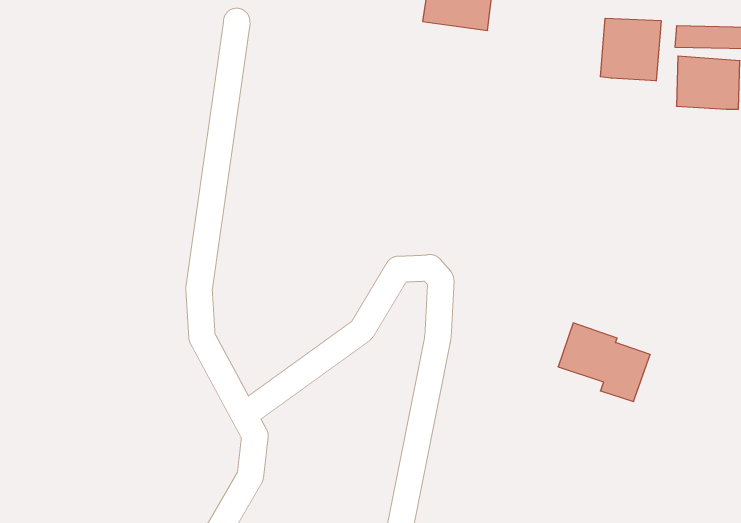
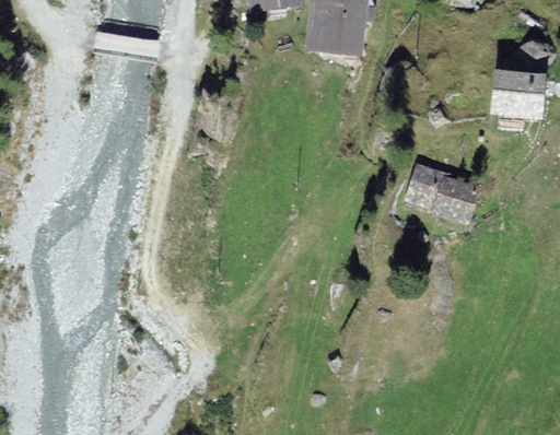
building: [600,18,661,81] -> none
building: [558,323,650,402] -> [409,163,476,220]

